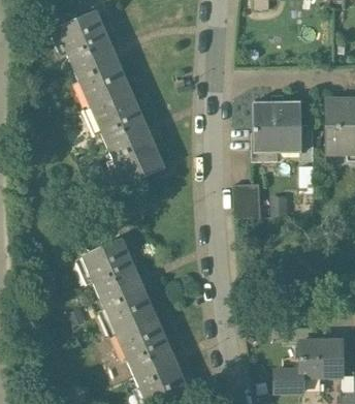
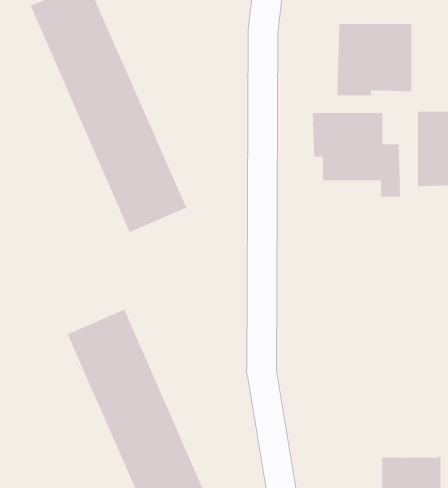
building: none -> [337,23,412,96]
building: [233,185,259,219] -> none

